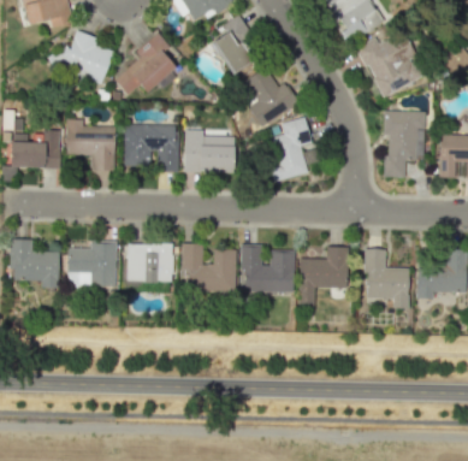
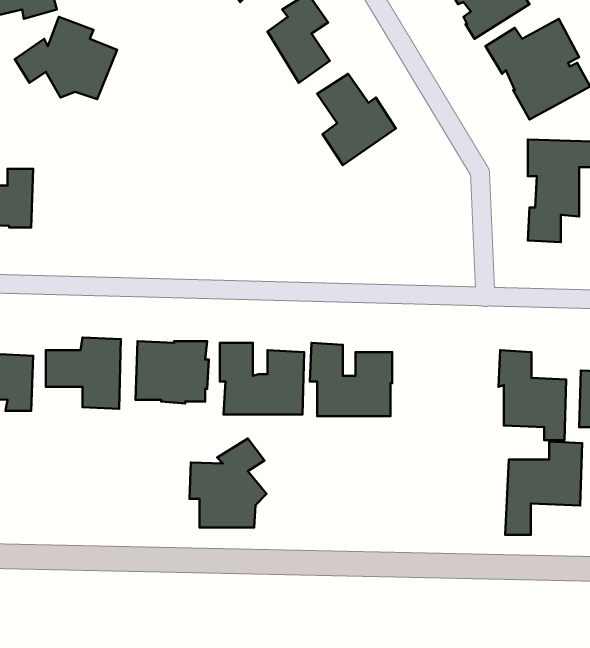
building: [114,31,176,94] -> none
building: [271,116,313,182] -> none
building: [65,118,115,170] -> none
building: [124,123,179,171] -> none
building: [184,135,233,172] -> none
building: [298,246,349,307] -> [505,441,582,535]
building: none -> [190,438,267,528]

